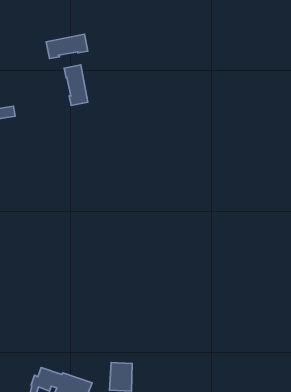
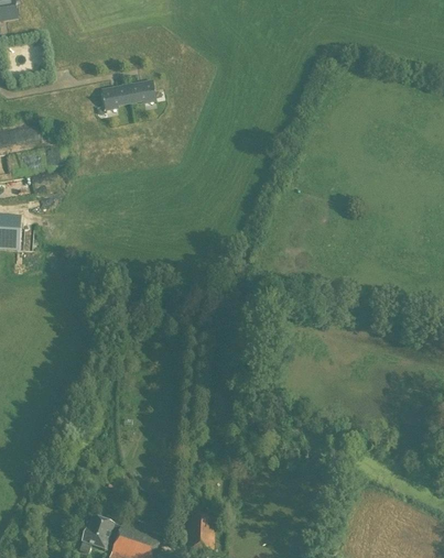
building: [64,65,88,105] -> none

